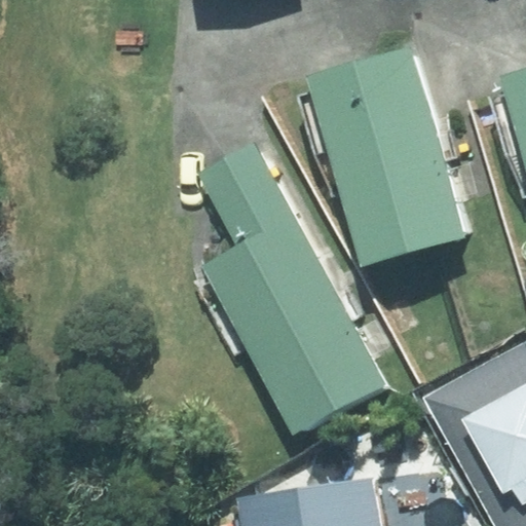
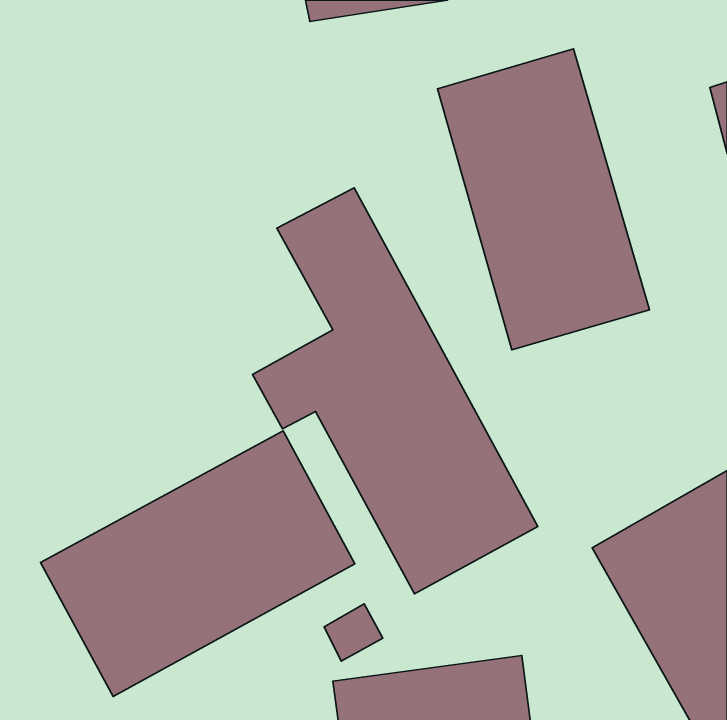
building: none -> [41,431,355,696]

